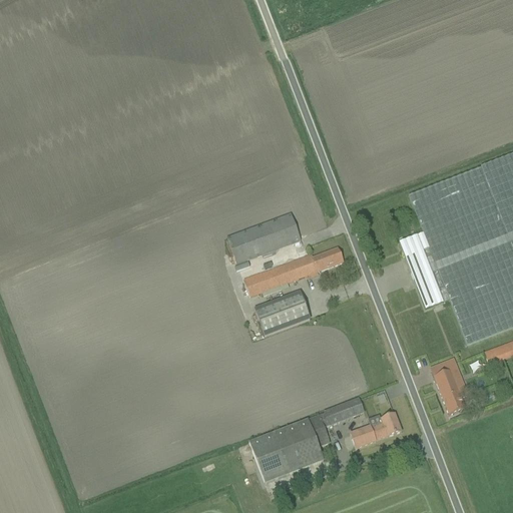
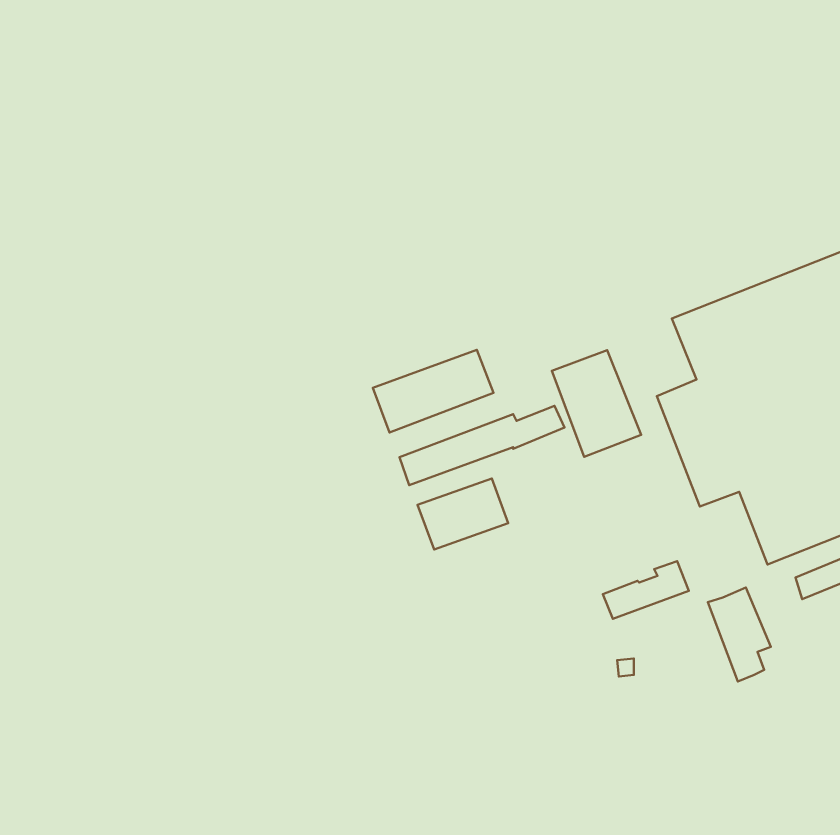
building: none -> [552,350,641,457]
building: [252,397,366,481] -> none
building: [351,412,403,447] -> [603,561,689,619]

